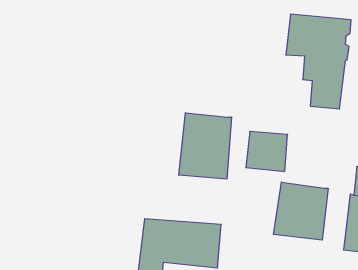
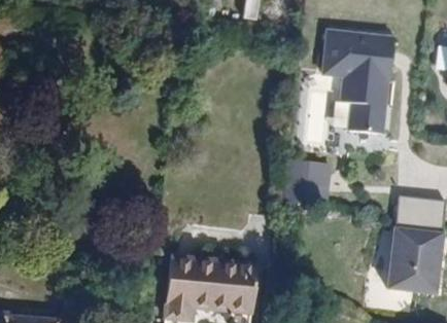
building: [179,113,232,179] -> none
building: [274,182,328,240] -> none

